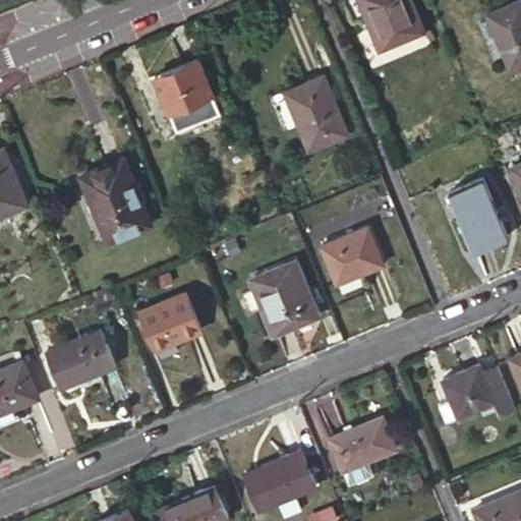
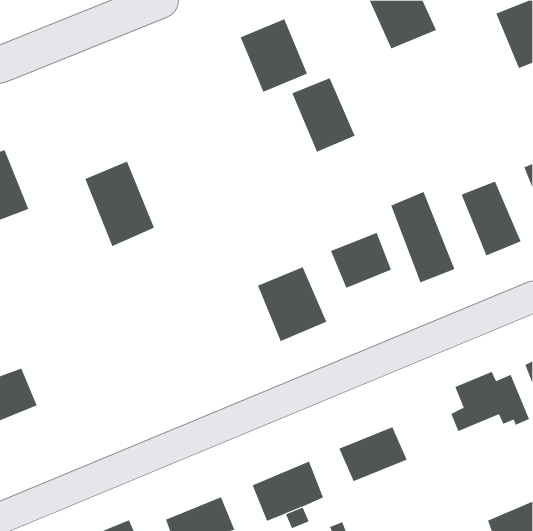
building: [156,60,222,132] -> [240,18,308,93]
building: none -> [390,191,455,283]
building: [138,293,201,350] -> none
building: [45,330,115,388] -> none

